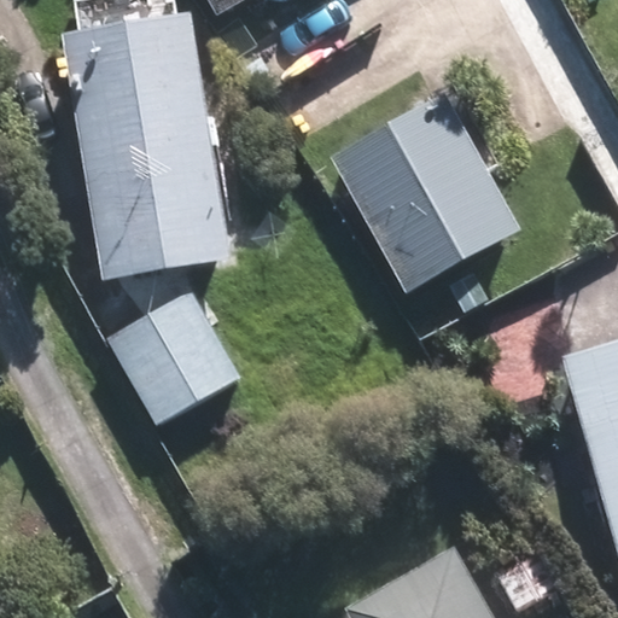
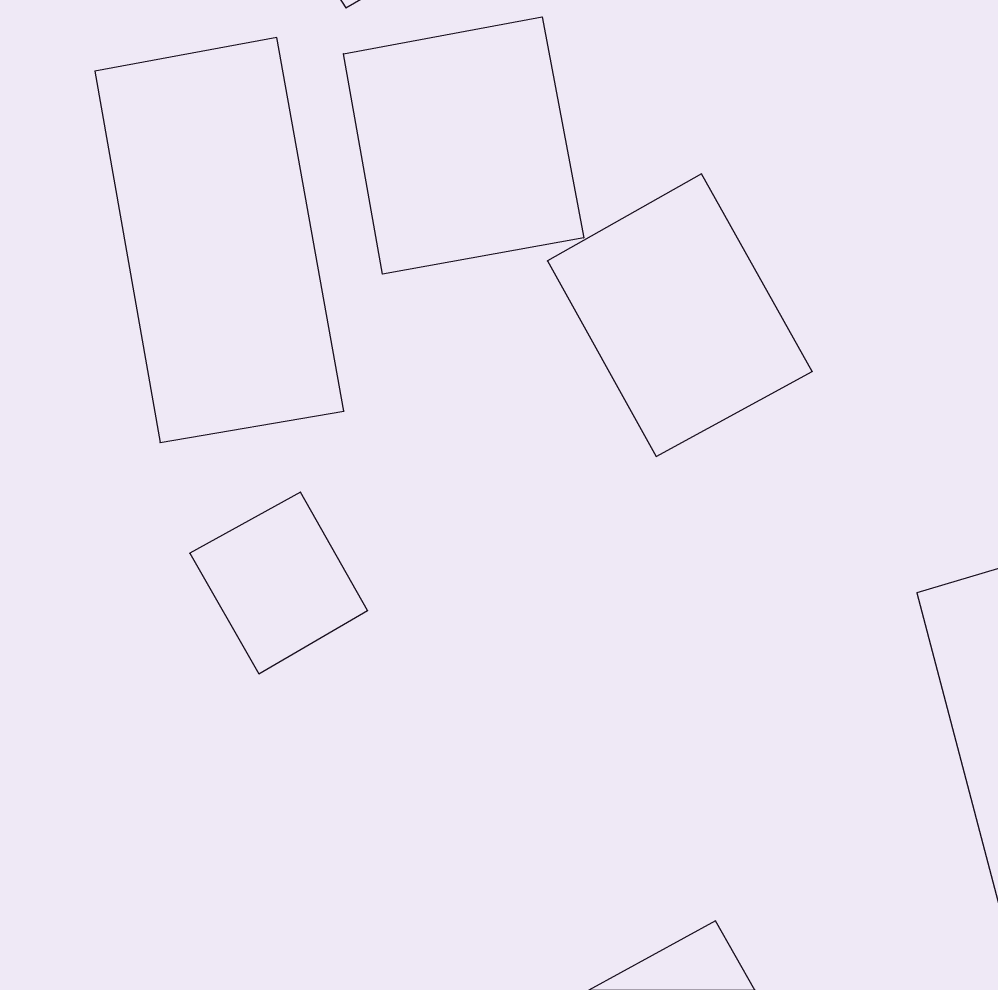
building: none -> [343,17,584,274]

